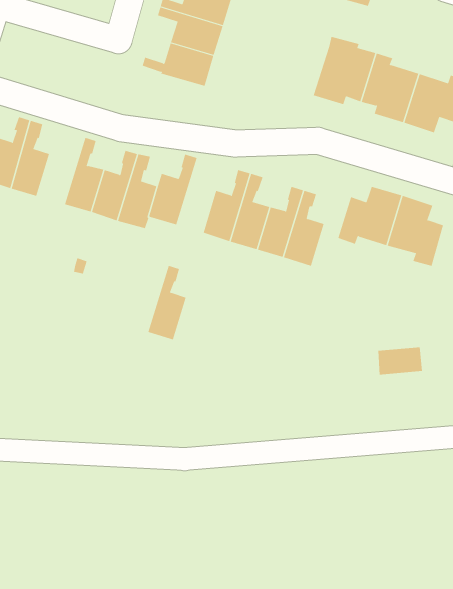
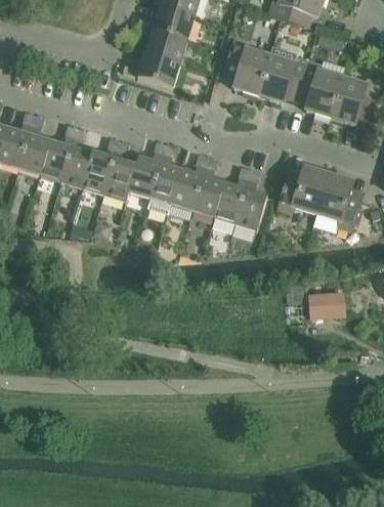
building: none -> [224,38,269,94]
building: none -> [39,124,77,180]
building: [148,265,186,340] -> [150,143,180,203]

